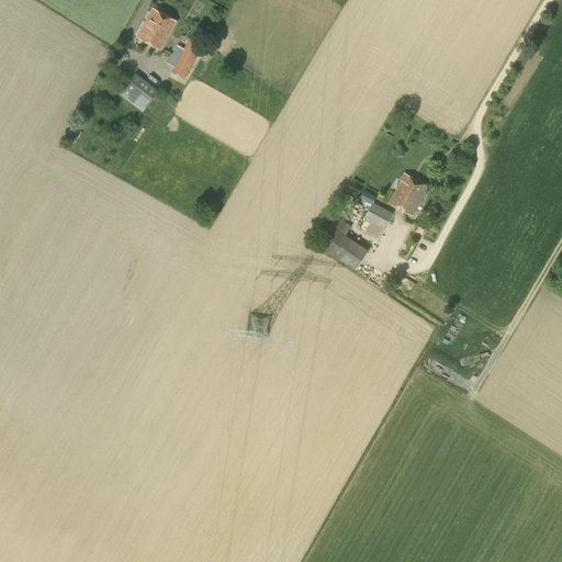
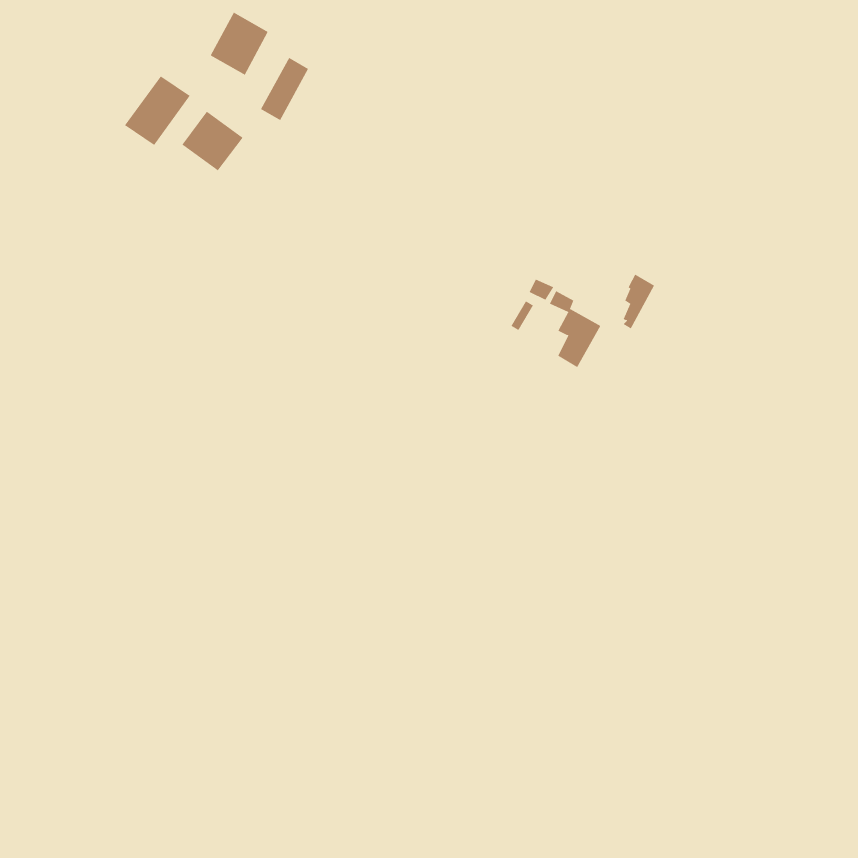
building: none -> [124,75,191,146]
building: [389,172,415,212] -> none
building: [318,217,368,270] -> none

